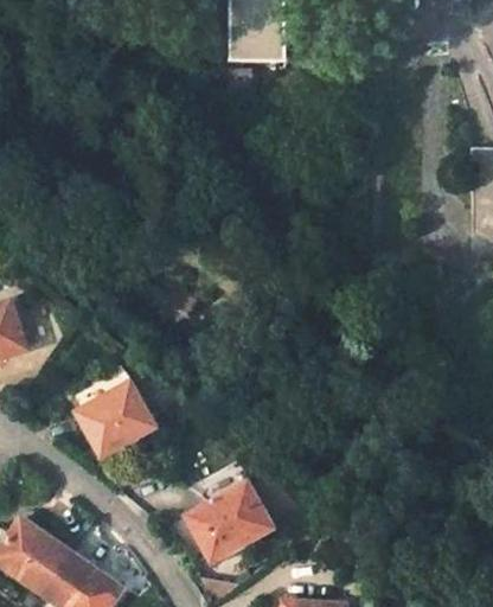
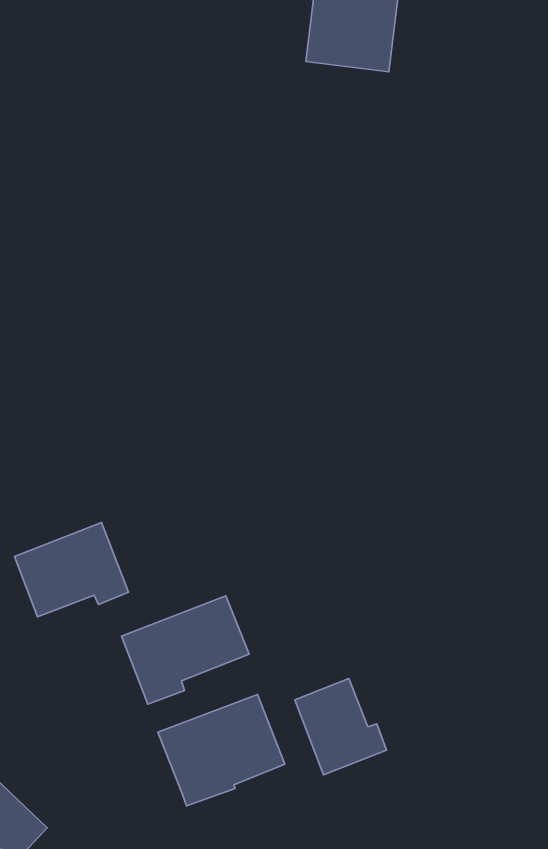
building: none -> [121,596,249,704]
building: none -> [295,679,387,775]

